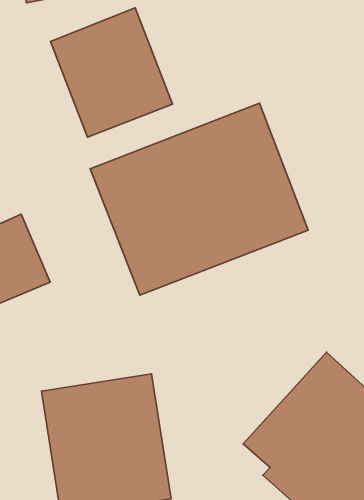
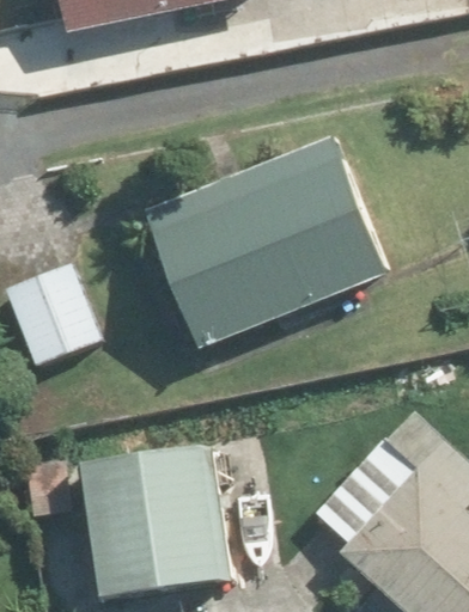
building: [50,8,173,137] -> none

